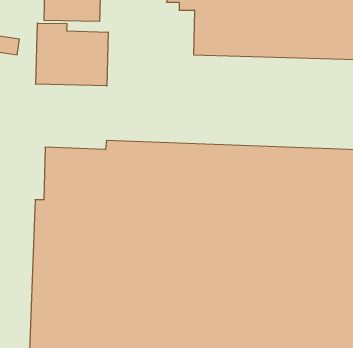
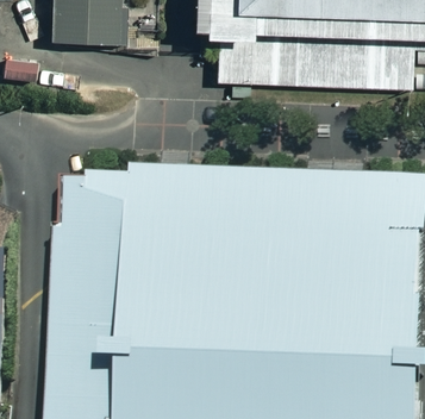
building: [36,23,108,86] -> none

